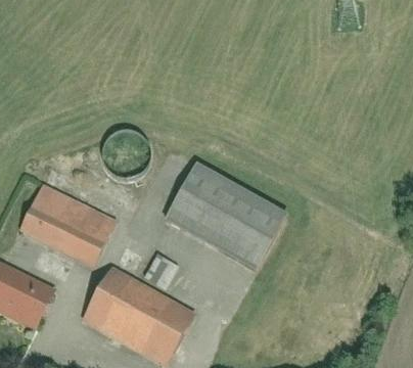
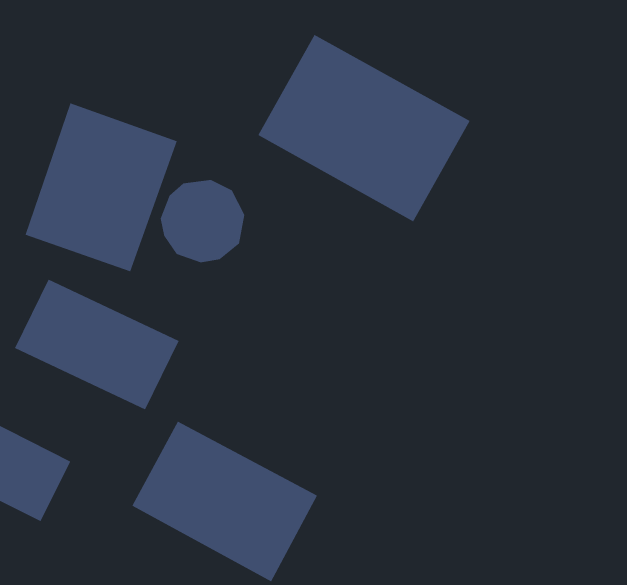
building: none -> [25,102,178,272]
building: [165,159,287,268] -> [257,34,470,222]

